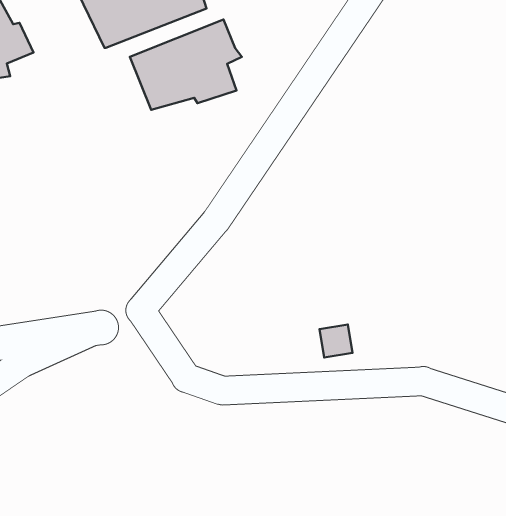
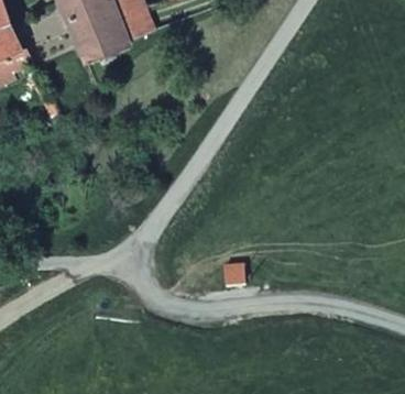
building: [130,19,242,110] -> none

